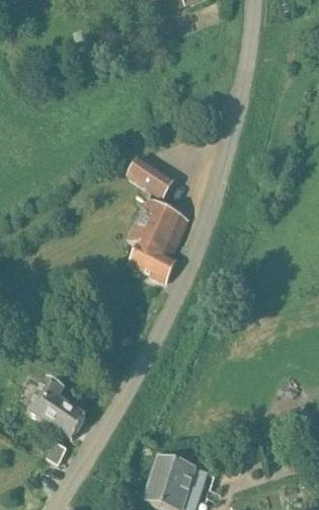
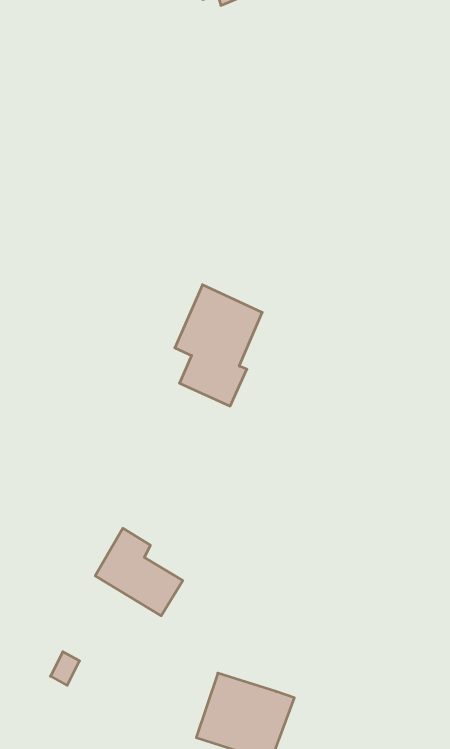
building: [128,155,175,197] -> none
building: [27,377,85,435] -> [95,528,183,616]

